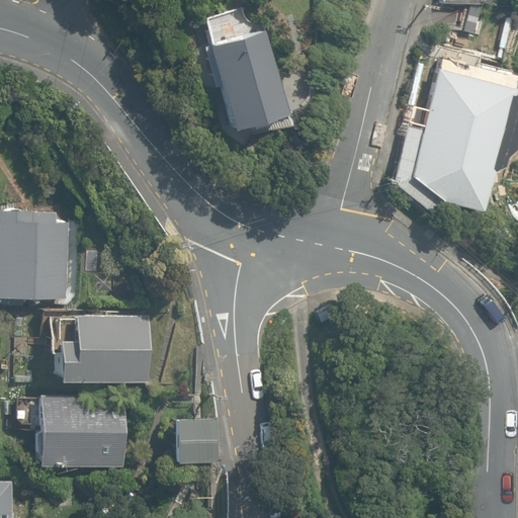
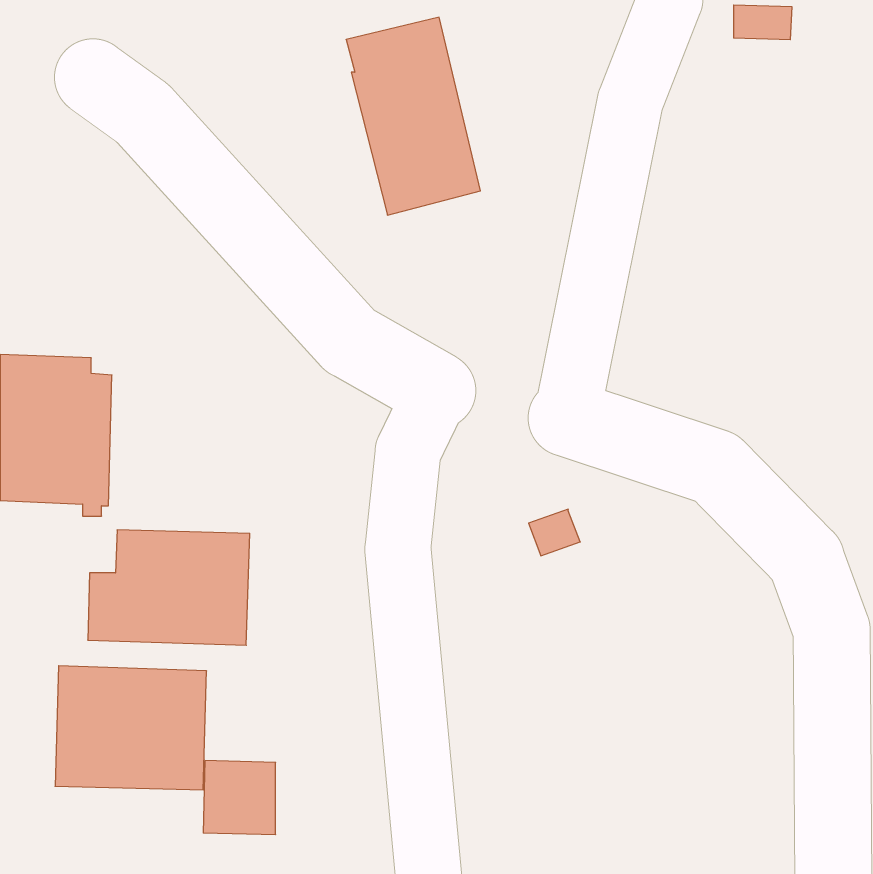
building: [409,61,512,211] -> none
building: [174,420,217,463] -> [203,761,276,835]

